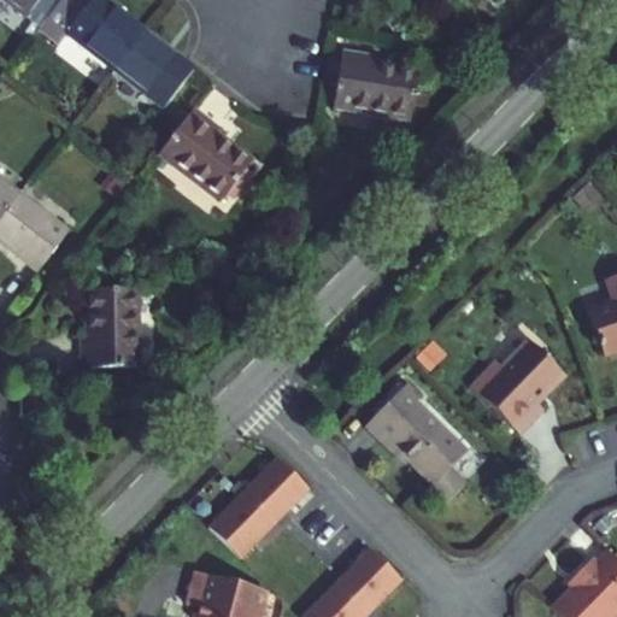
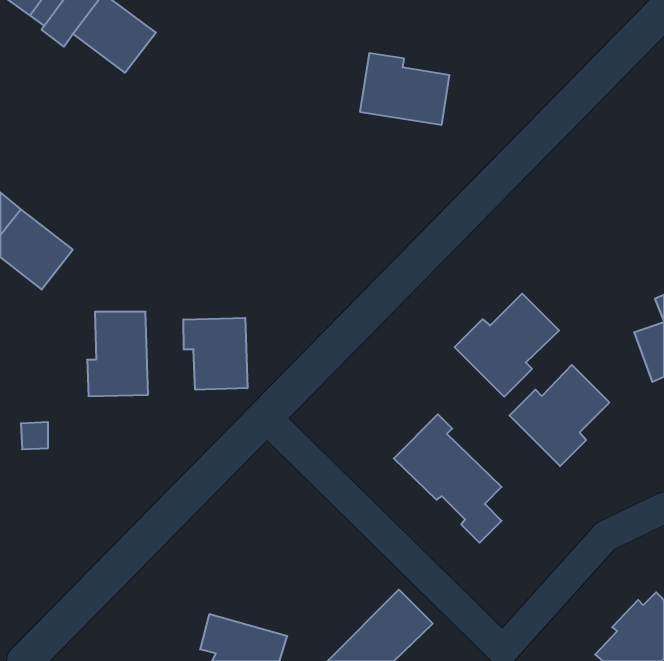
building: [116,30,193,105] -> none
building: [160,106,251,198] -> none
building: none -> [455,294,559,397]
building: none -> [183,318,247,390]
building: [208,457,308,557] -> none

